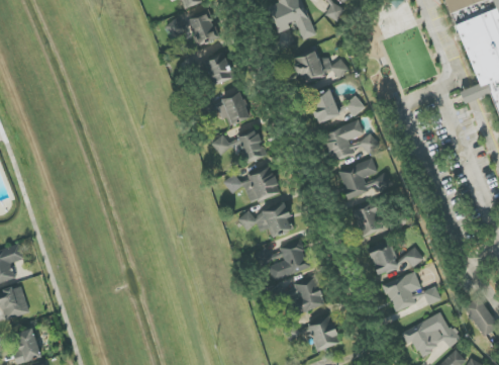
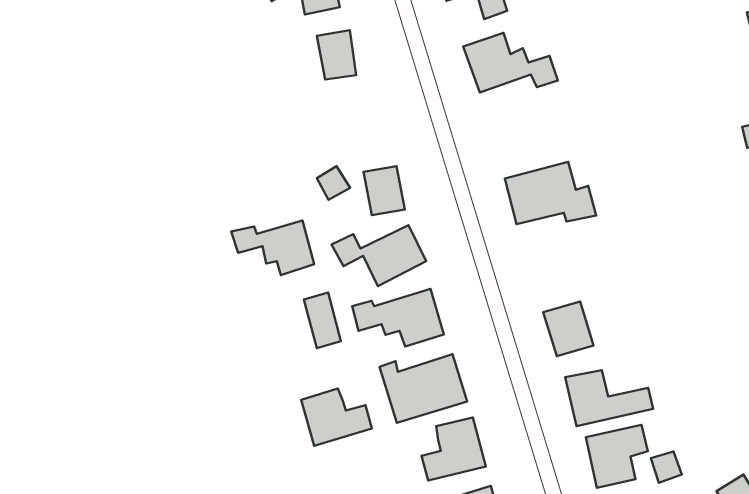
building: [308,89,363,123] -> none
building: [199,92,250,125] -> [231,220,314,275]
building: [337,158,378,199] -> none
building: none -> [304,293,341,348]
building: none -> [301,389,372,446]

